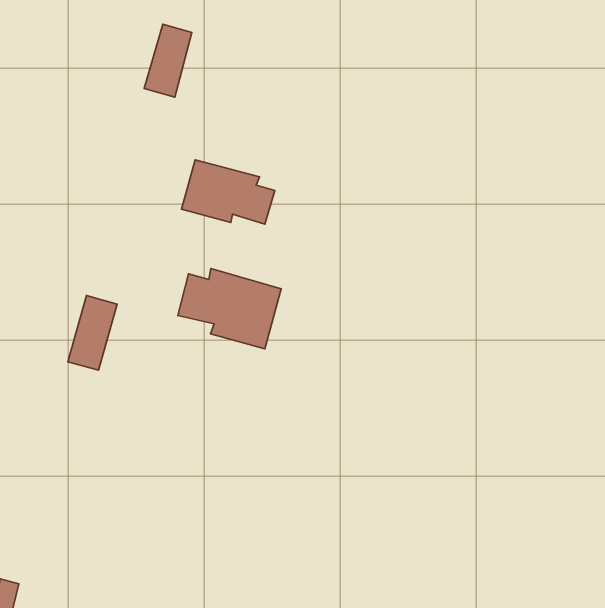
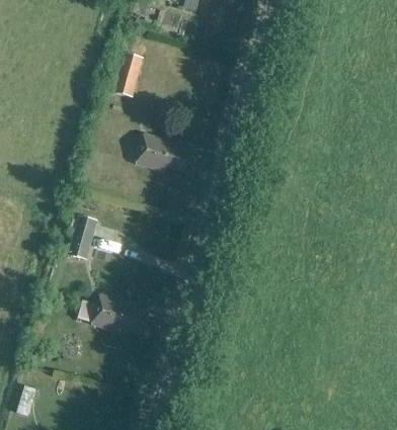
building: [178,268,281,349] -> none
building: none -> [91,293,147,332]

